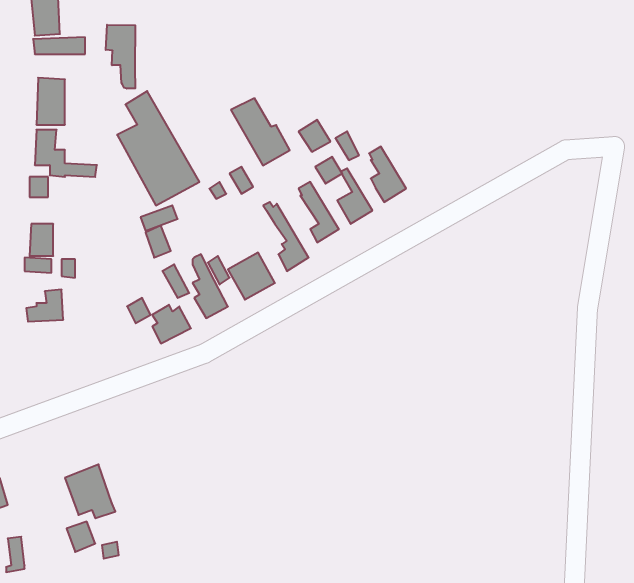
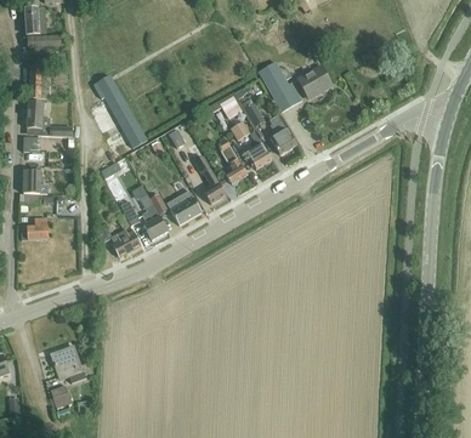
building: [106,25,135,89] -> none
building: none -> [296,66,330,96]
building: [231,98,290,165] -> [257,62,300,110]

